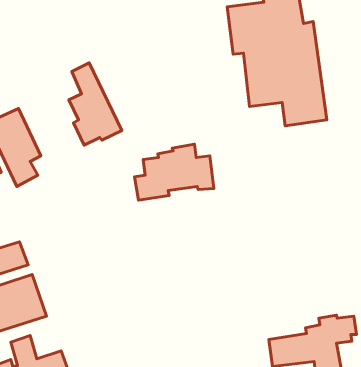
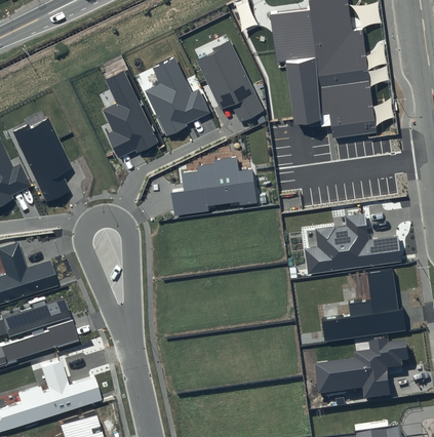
building: none -> [196,40,263,122]
building: none -> [144,57,209,135]
building: none -> [304,213,401,275]
building: none -> [320,269,405,342]

